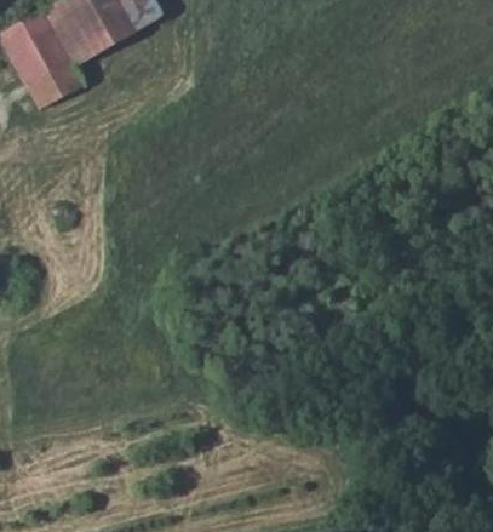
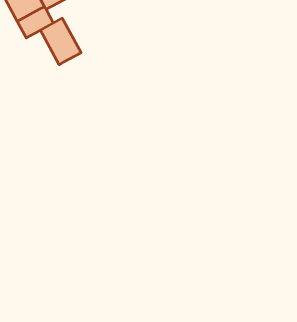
building: none -> [40,18,81,65]

